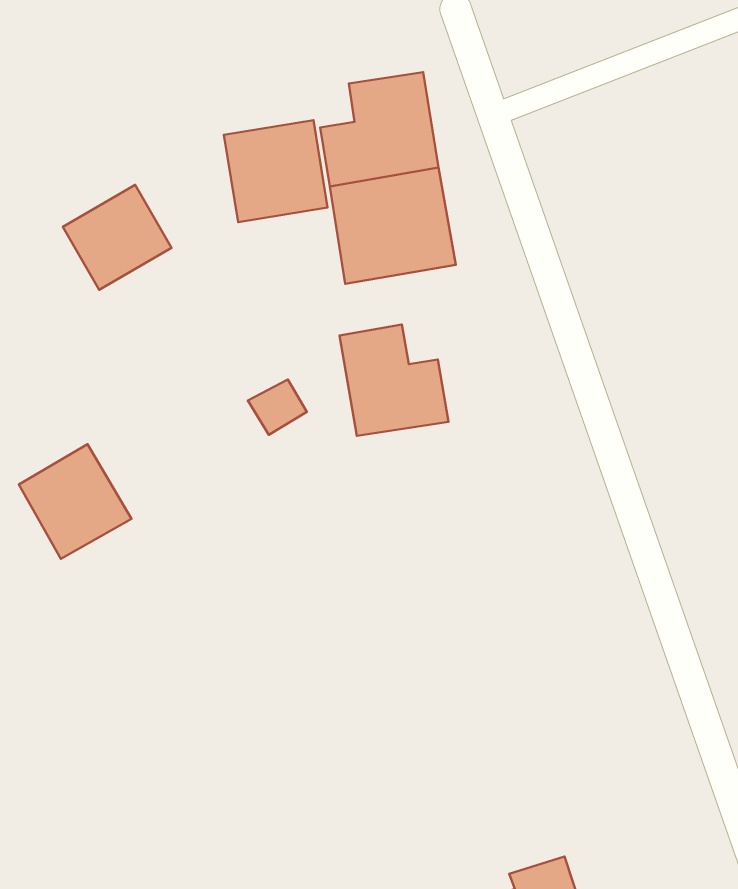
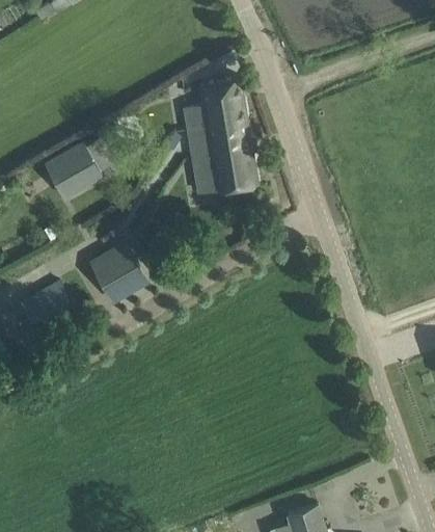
building: [224,120,327,222] -> none
building: [340,324,448,436] -> none
building: none -> [89,243,147,301]

